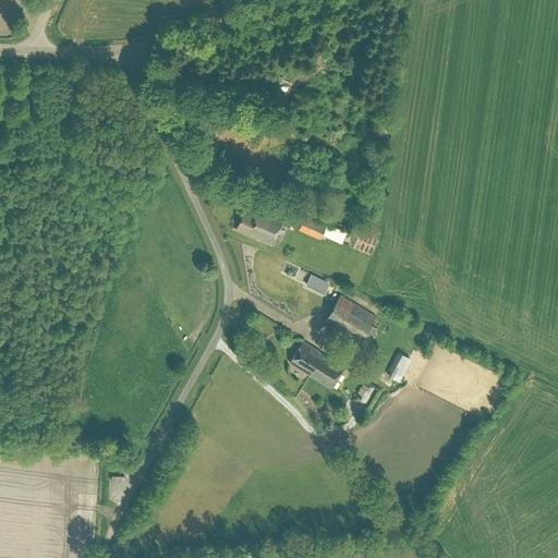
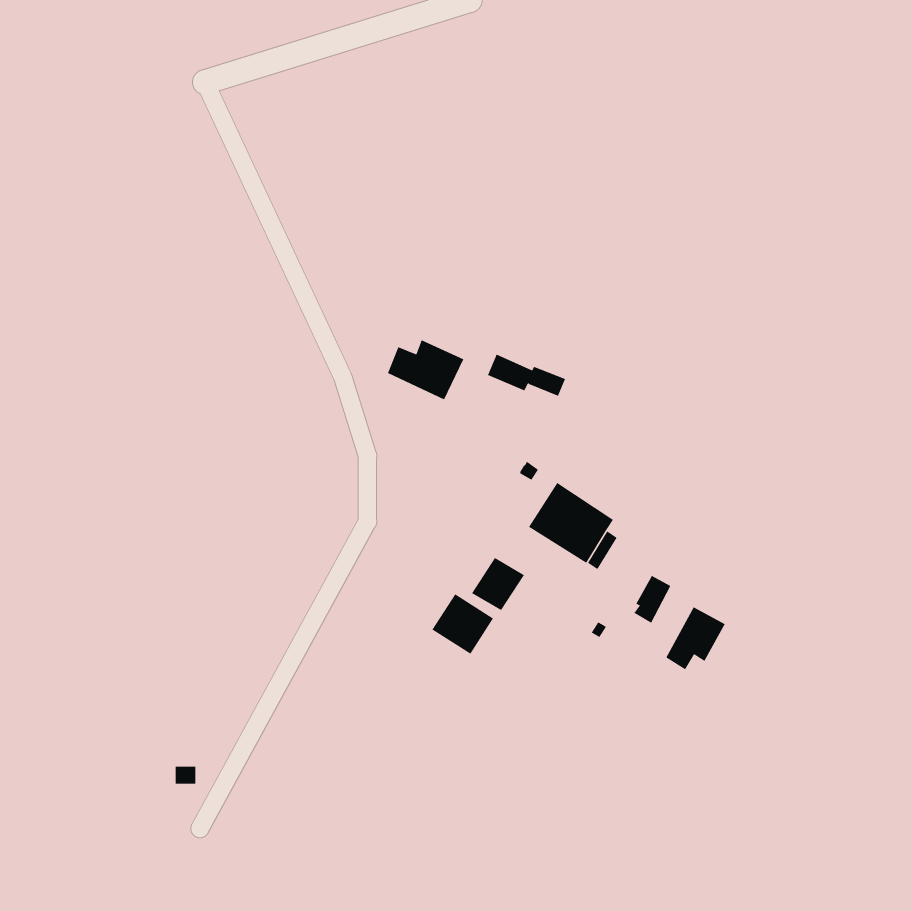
building: [306,352,344,389] -> [431,594,494,654]
building: none -> [666,607,726,670]

